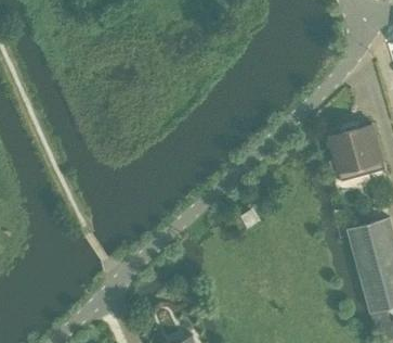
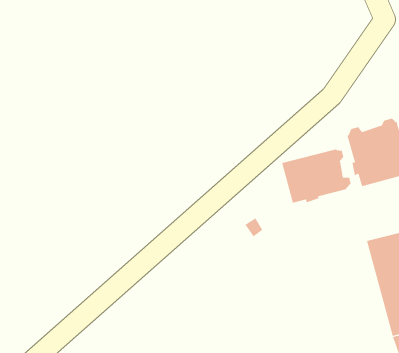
building: none -> [282,148,351,203]

